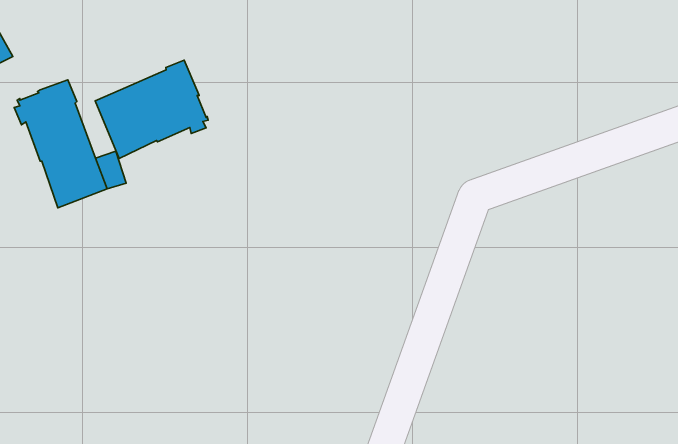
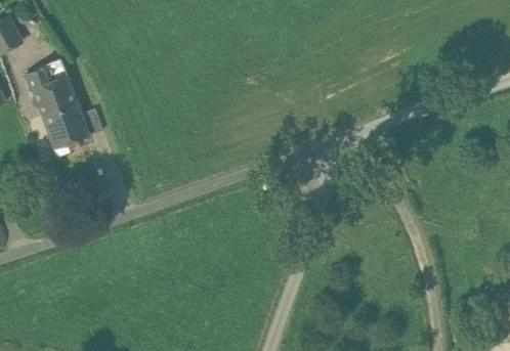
building: [95,60,208,159] -> none

